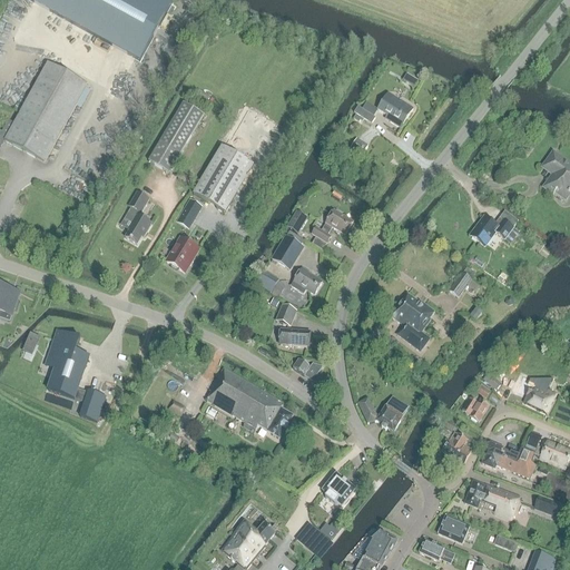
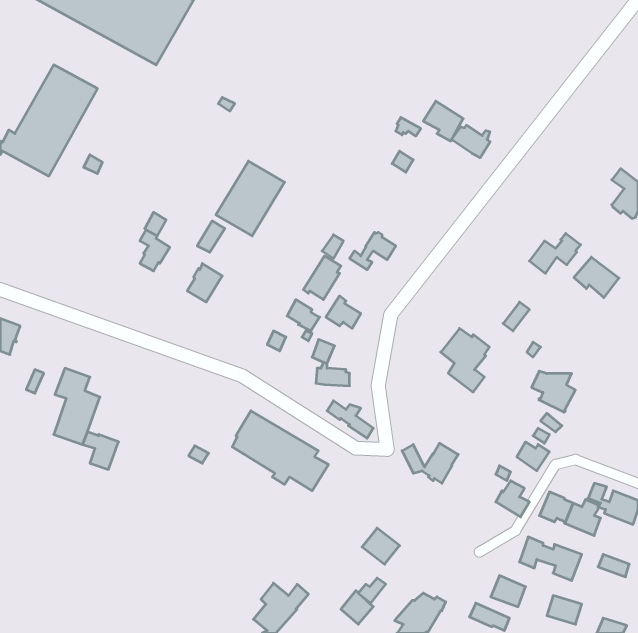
building: [148,99,204,170] -> none
building: none -> [452,125,490,158]
building: none -> [574,257,619,298]
building: [517,374,556,411] -> [532,371,575,412]

